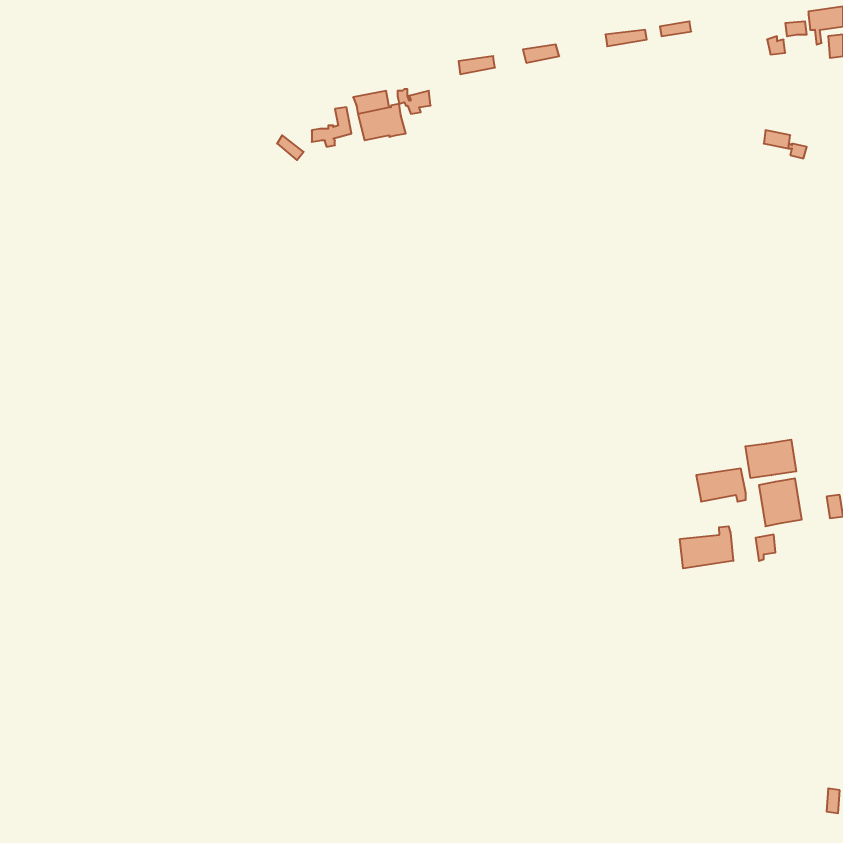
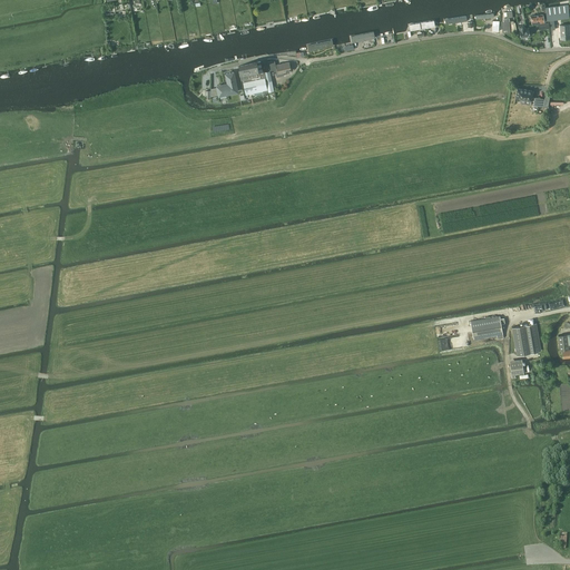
building: [745,440,796,478] -> none
building: [680,526,733,568] -> none

